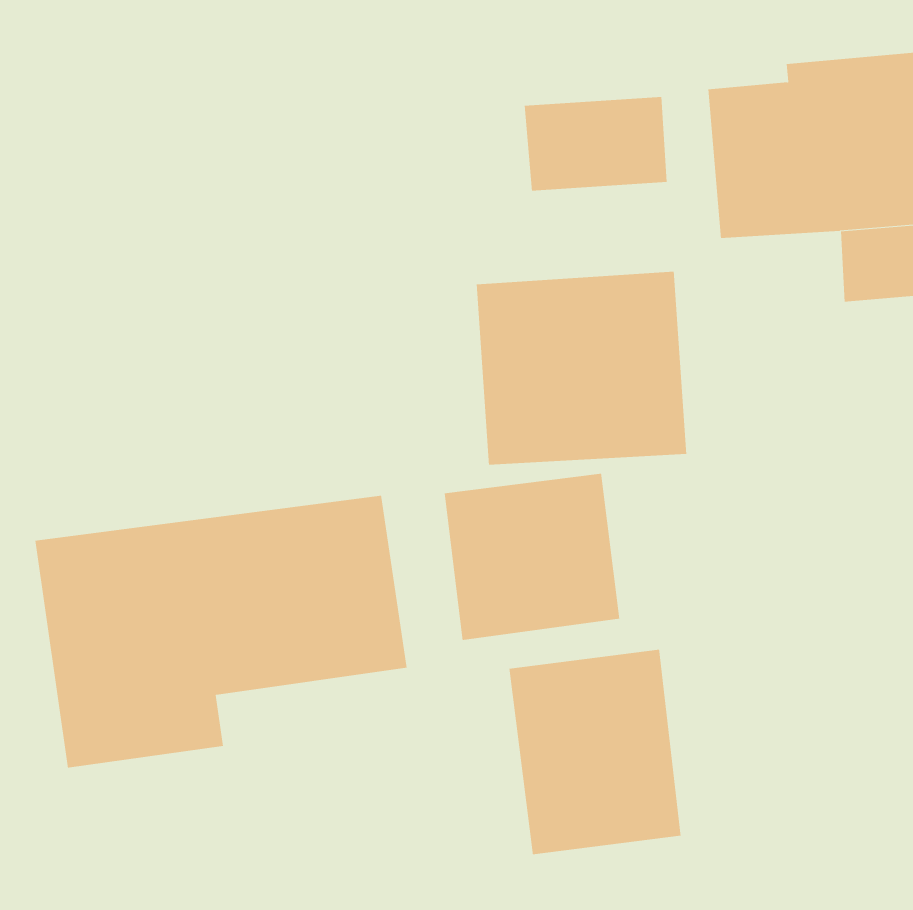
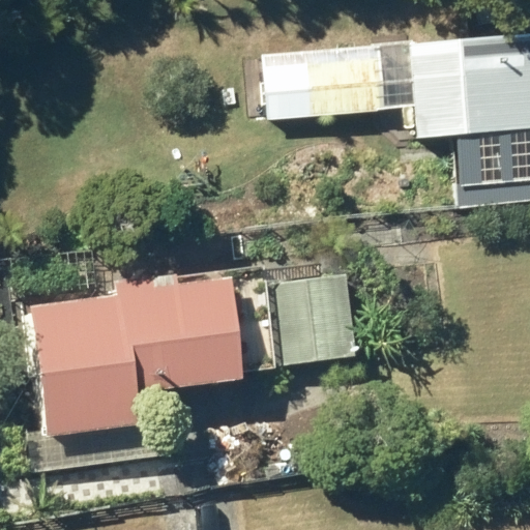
building: [476,271,687,465] -> none
building: [509,649,681,855] -> none

